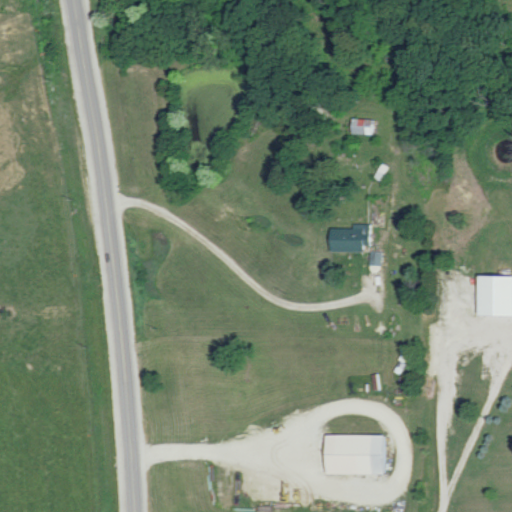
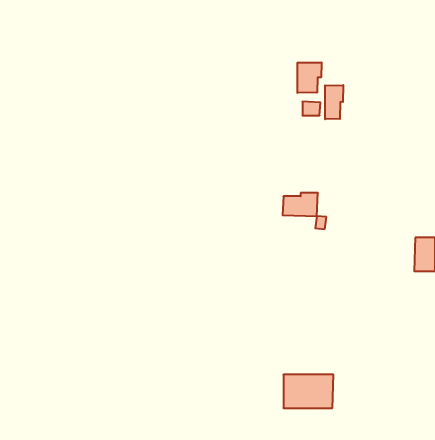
building: none -> [297,62,322,93]
building: none -> [325,85,343,119]

